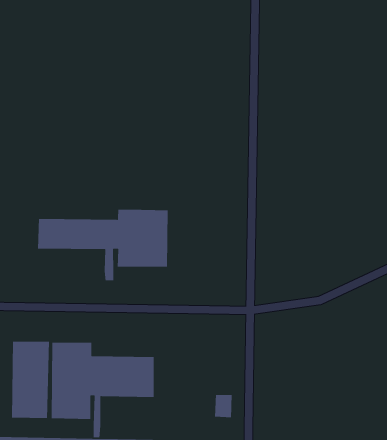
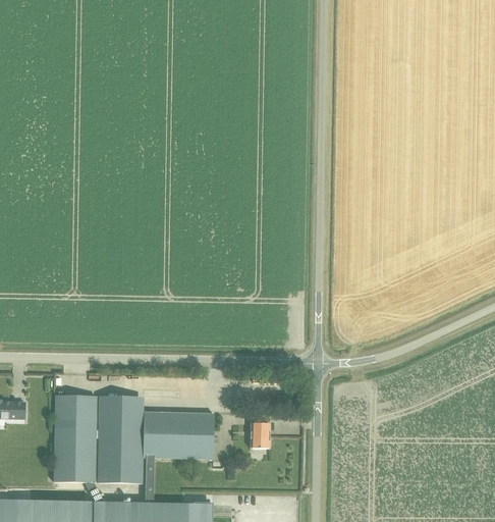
building: [37,209,169,281] -> none
building: [214,394,233,418] -> [250,422,270,449]

